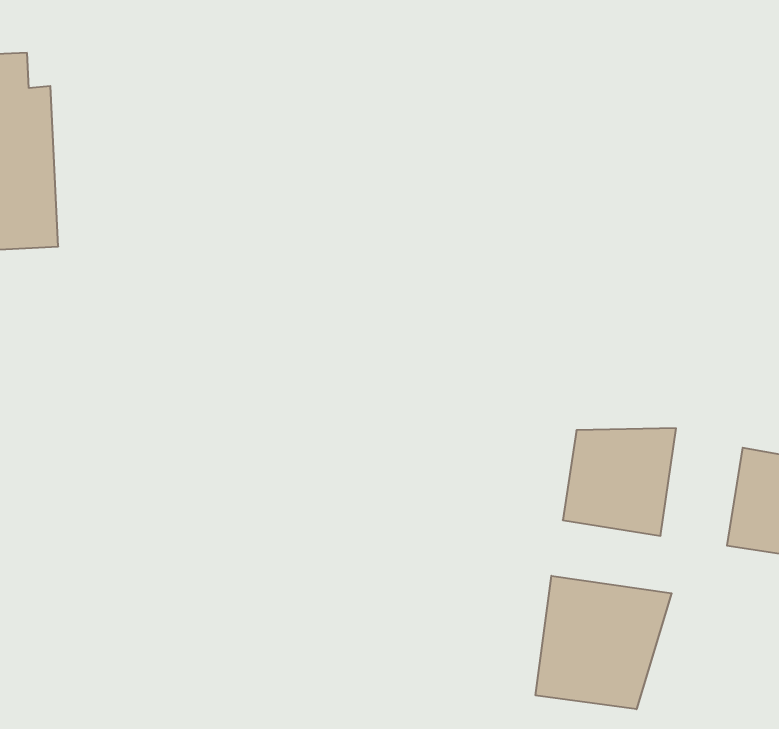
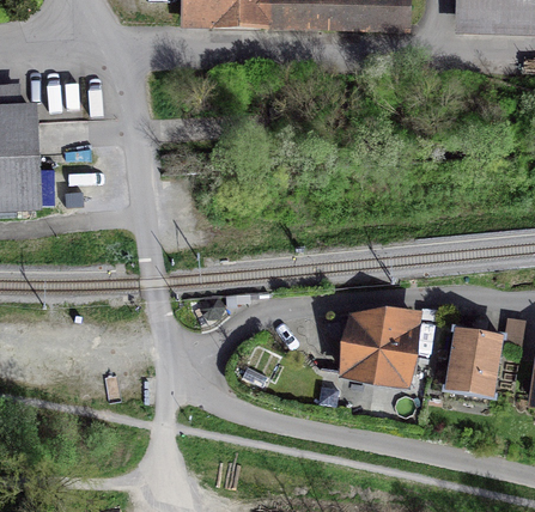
building: [536,576,672,709] -> none

